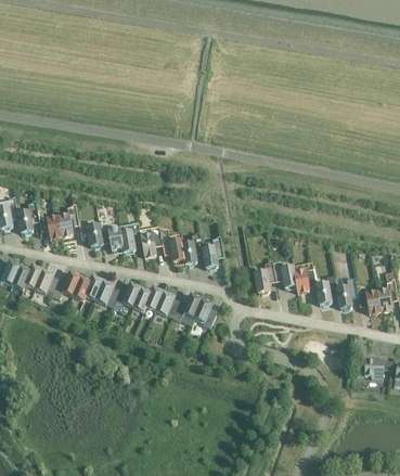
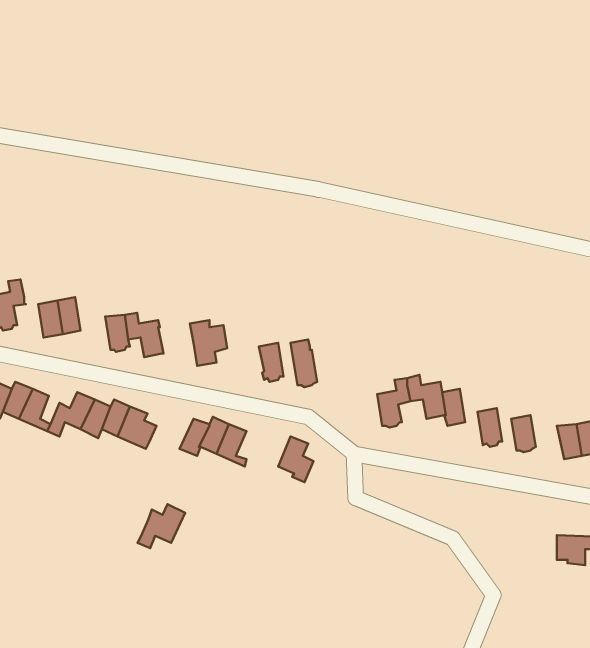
building: [119,224,142,253] -> none
building: [160,229,185,261] -> none
building: [113,283,142,310] -> [138,504,185,548]
building: [173,294,202,324] -> none

